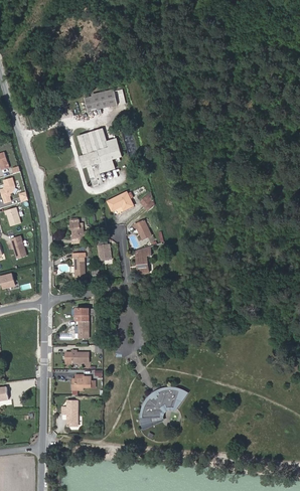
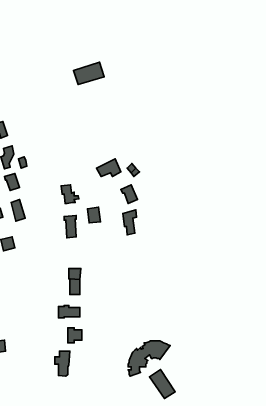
building: [77,129,120,185] -> none
building: none -> [149,369,175,399]

